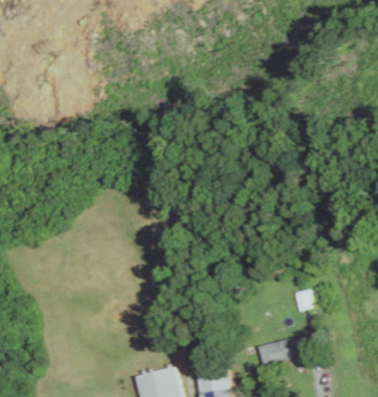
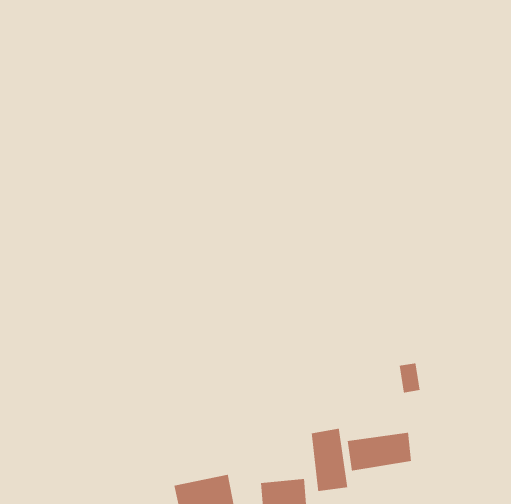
building: none -> [311,428,348,492]

